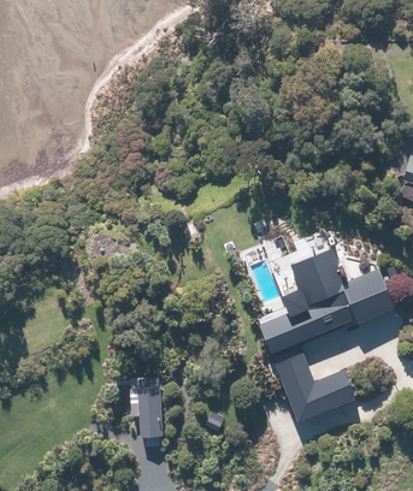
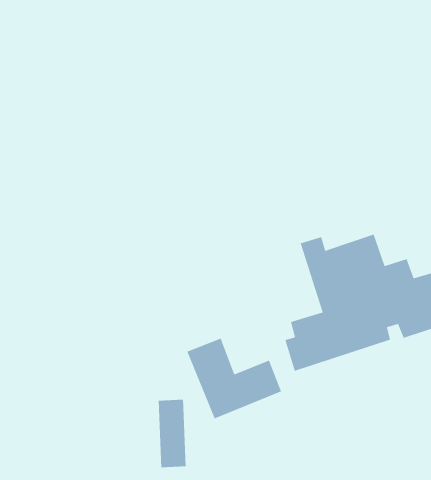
building: [273,350,356,421] -> [187,338,282,419]

